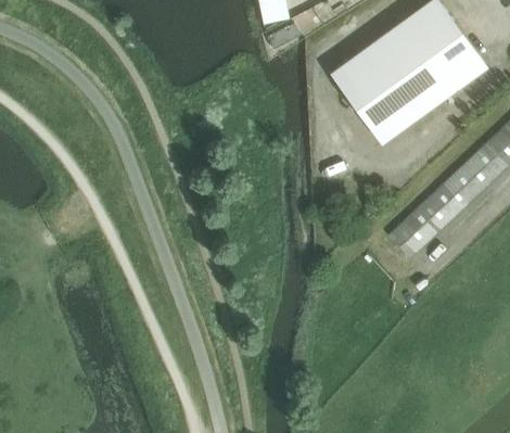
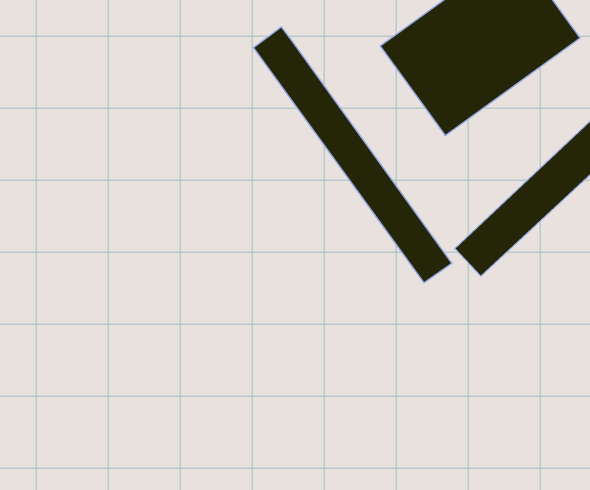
building: none -> [254,27,452,283]

